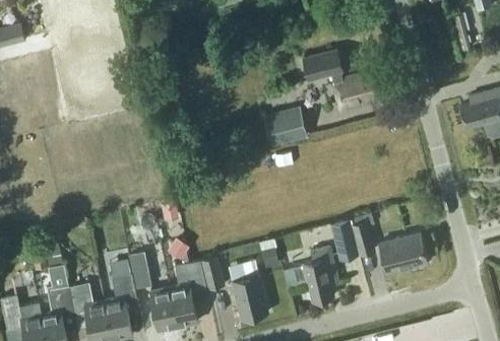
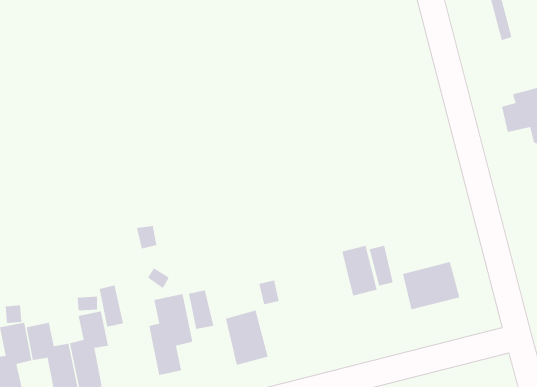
building: [302,50,377,111] -> none
building: [265,113,307,146] -> none
building: [283,248,336,302] -> none
building: [149,285,178,330] -> none

